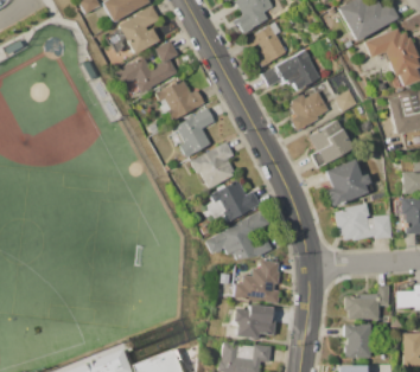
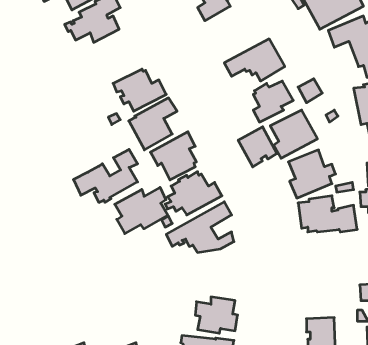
building: [246,21,287,66] -> none
building: [116,40,179,92] -> [73,149,138,202]
building: none -> [238,127,277,167]
building: none -> [115,187,168,234]
building: [234,259,280,303] -> none
building: [344,286,389,320] -> none

